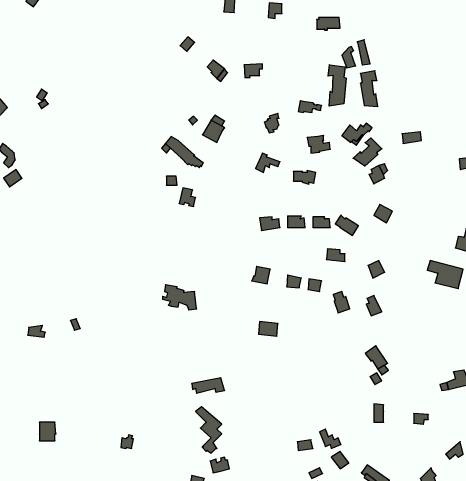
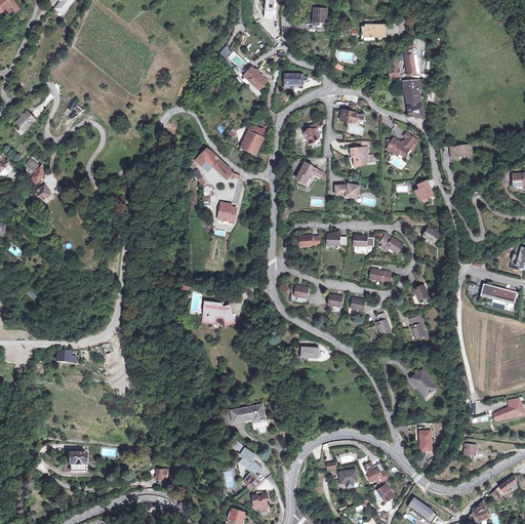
building: [328,65,346,106] -> none
building: [353,138,382,166] -> none

